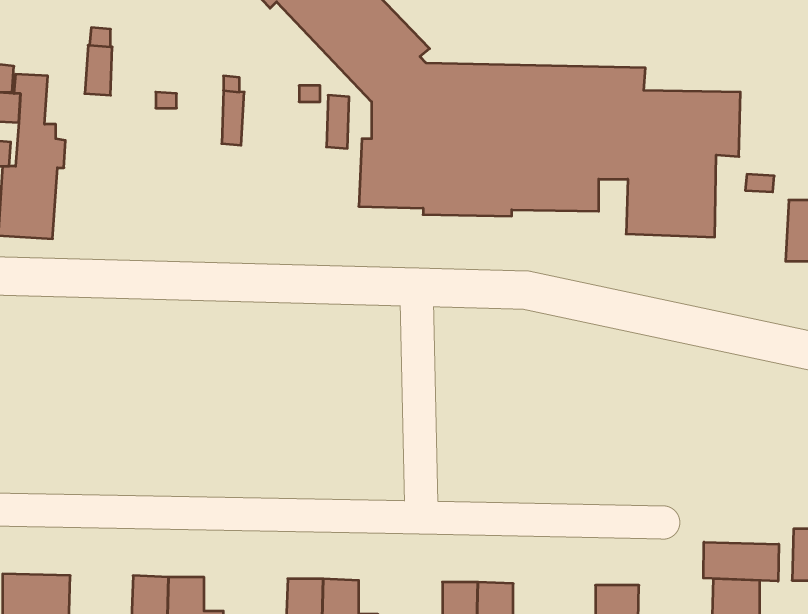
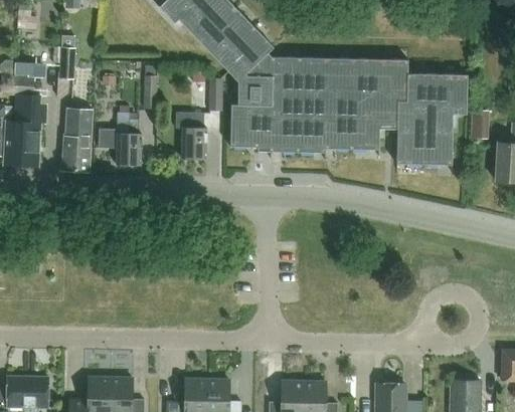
building: none -> [64,110,92,172]
building: none -> [98,112,141,166]
building: none -> [176,113,206,160]
building: [703,542,779,581] -> none

